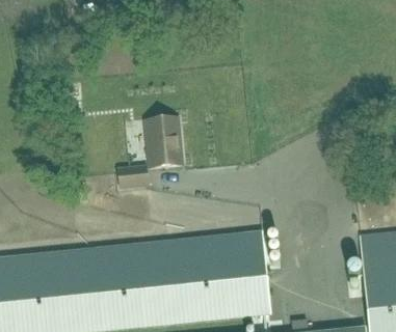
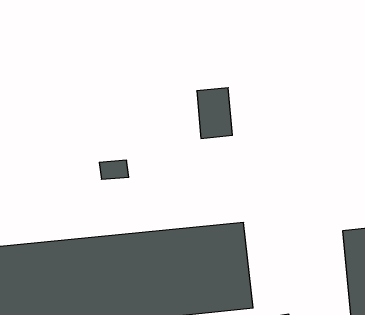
building: [146,118,181,168] -> [197,88,232,138]

